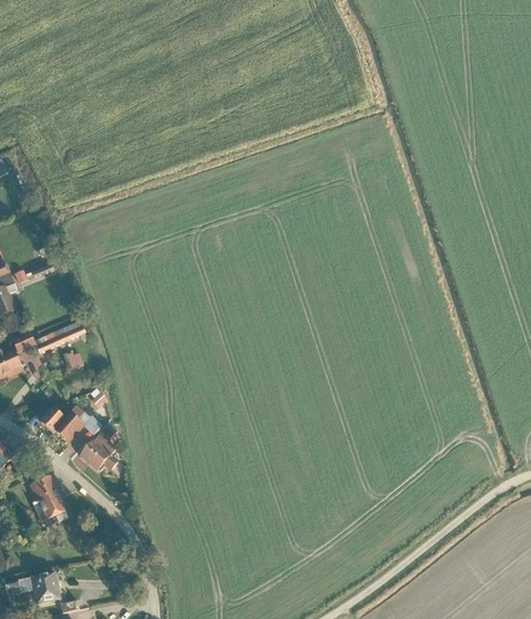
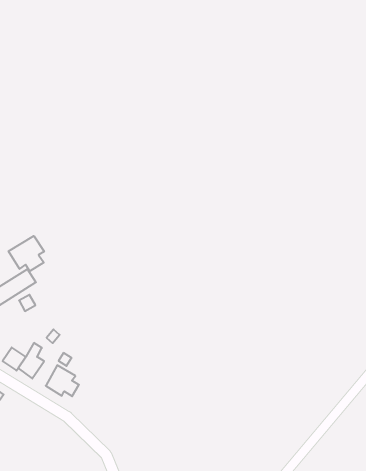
building: none -> [9,236,44,271]
building: [29,474,68,525] -> none

